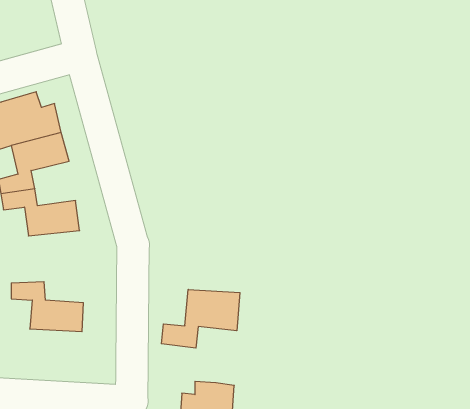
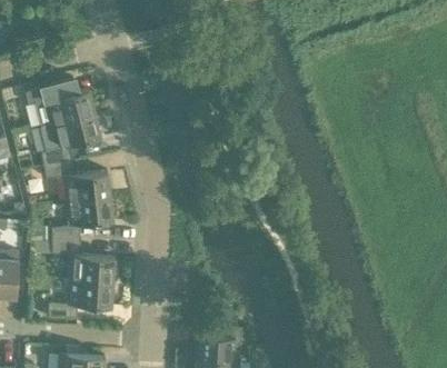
building: none -> [50,197,112,241]
building: [161,289,240,348] -> none
building: none -> [48,280,111,319]

